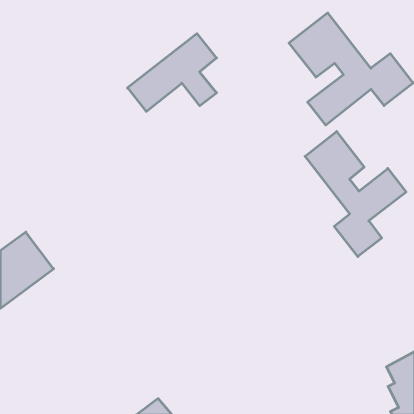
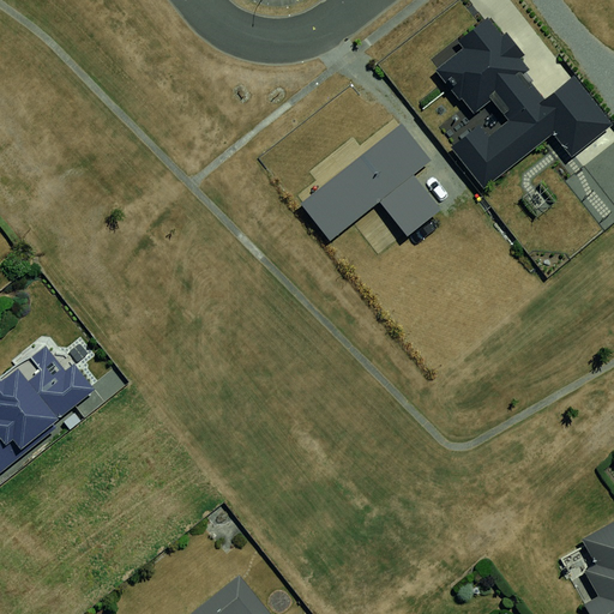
building: [127,34,217,111] -> [302,125,434,240]
building: [305,131,406,257] -> none

